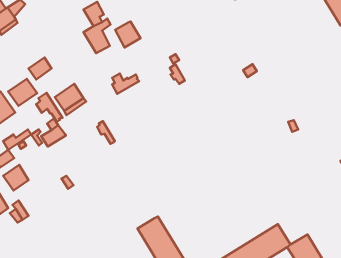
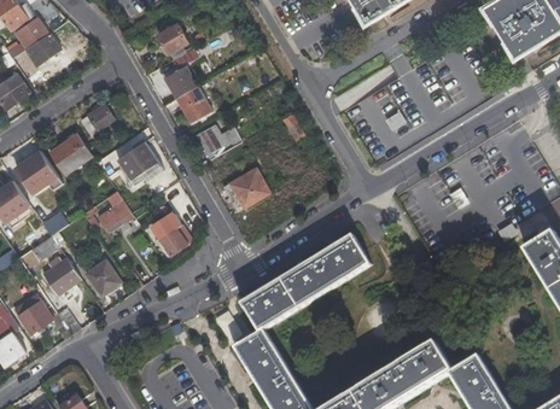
building: [115,21,141,48] -> [175,84,211,122]
building: [36,93,62,122] -> none
building: none -> [227,166,269,206]
building: none -> [147,211,194,261]
building: none -> [241,234,369,332]
building: none -> [86,259,119,293]

